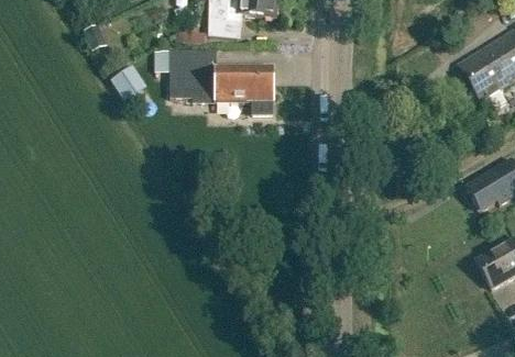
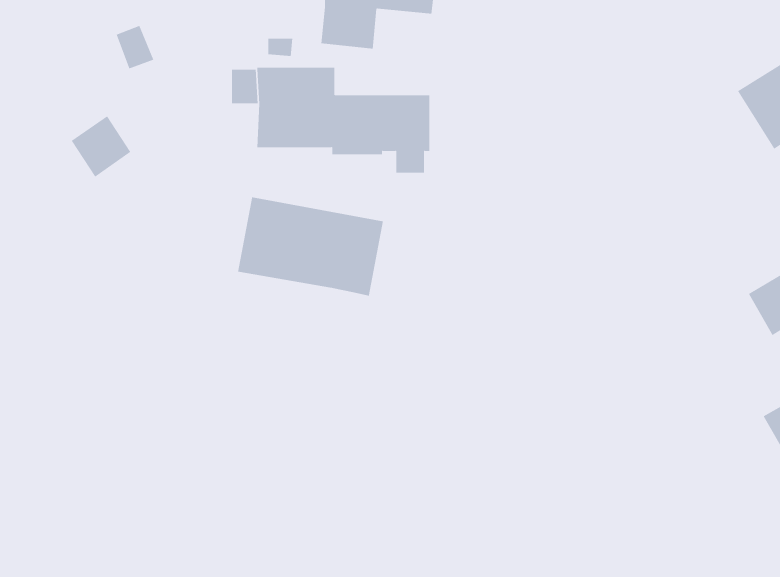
building: [111,65,147,102] -> [71,115,131,177]
building: none -> [238,196,383,296]

